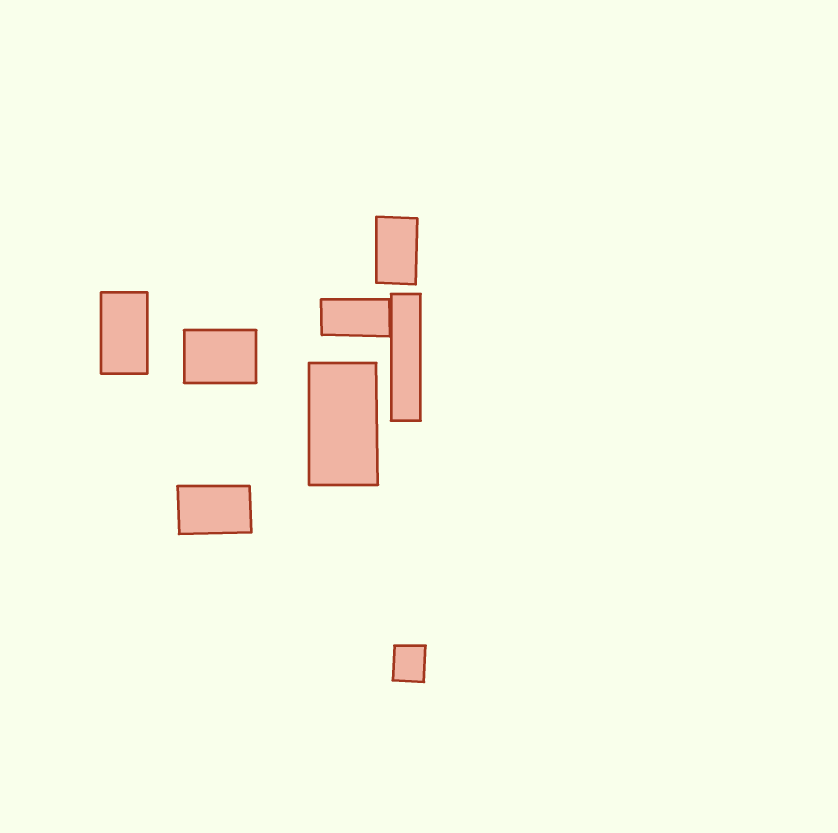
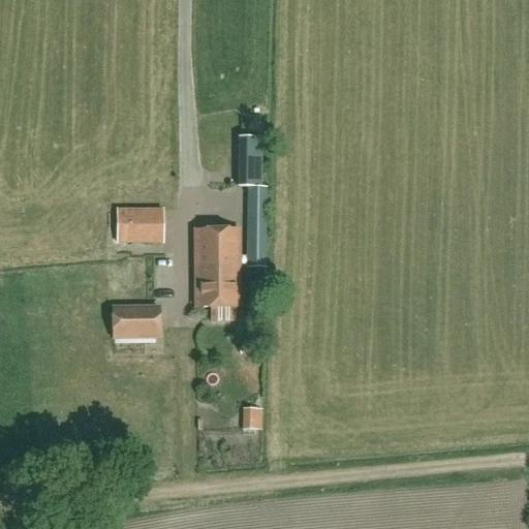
building: [101,292,147,374] -> none
building: [321,299,390,336] -> none

